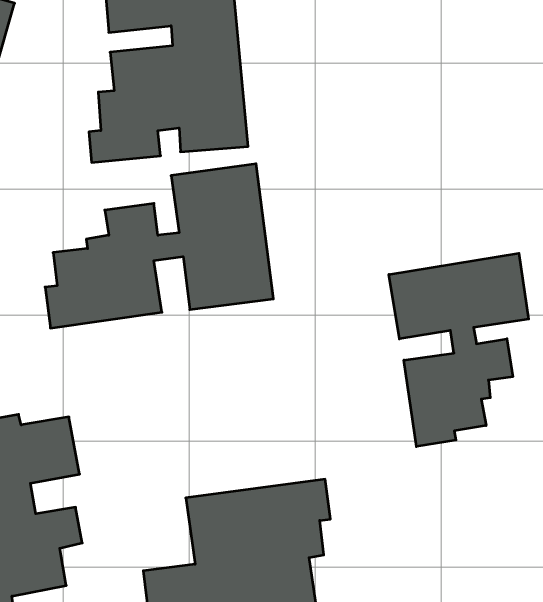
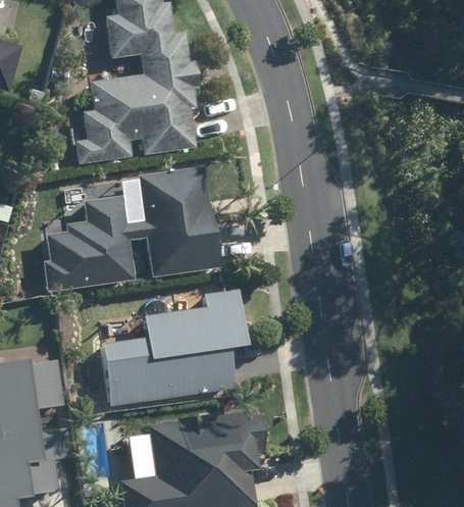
building: [389,253,529,447] -> none
building: none -> [102,291,247,409]

